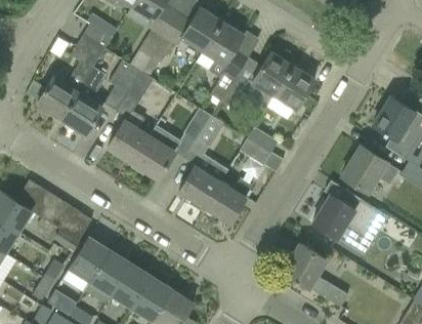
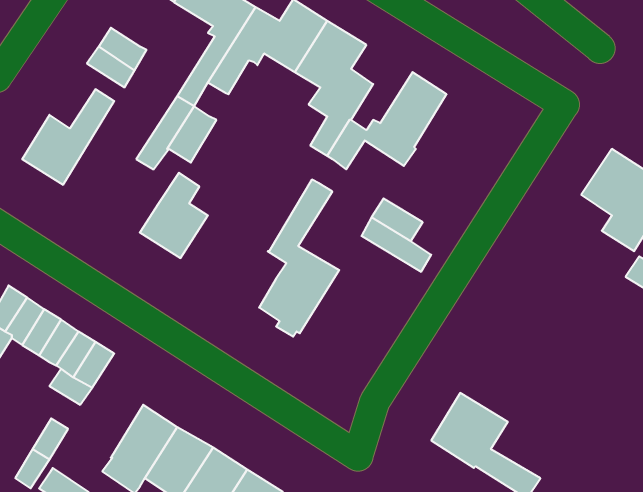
building: [272,64,315,110] -> none
building: [61,68,107,133] -> none
building: [131,108,211,178] -> none
building: [342,146,397,191] -> none
building: [204,169,253,222] -> none
building: [312,192,379,237] -> none
building: [61,237,110,288] -> none

